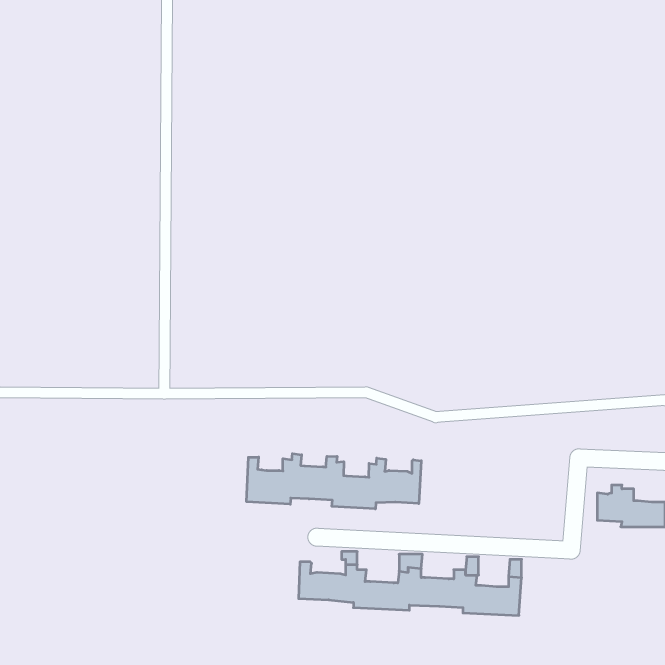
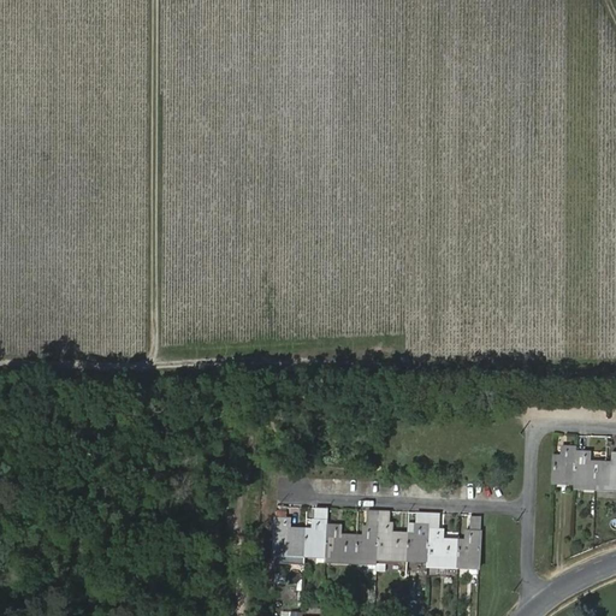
building: [247,454,421,509] -> none

